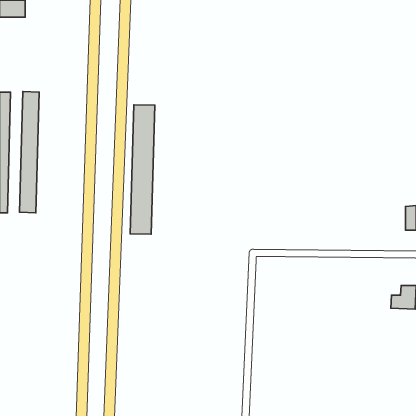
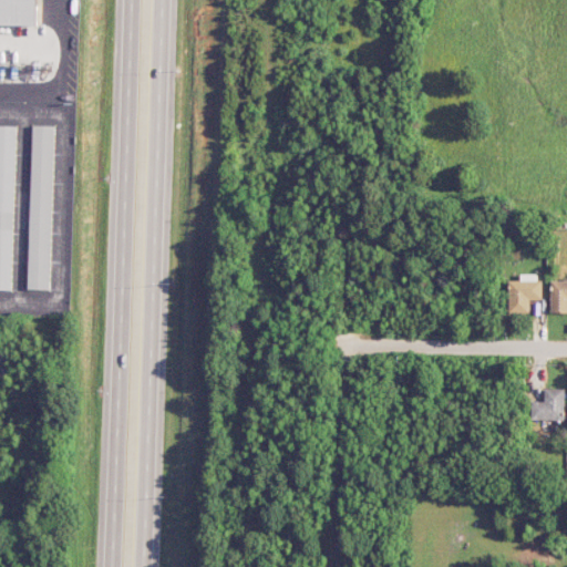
building: [130,105,155,234] -> none
building: none -> [508,275,540,313]

